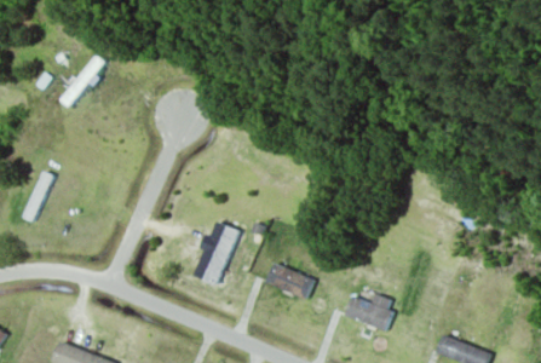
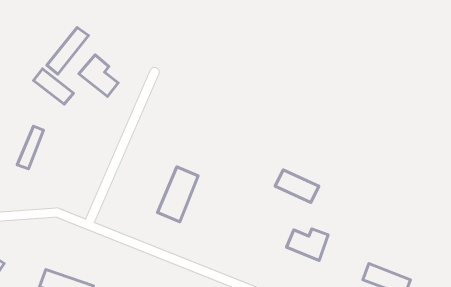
building: none -> [79,55,118,96]
building: none -> [34,69,73,104]
building: [264,261,316,300] -> [275,170,319,203]

